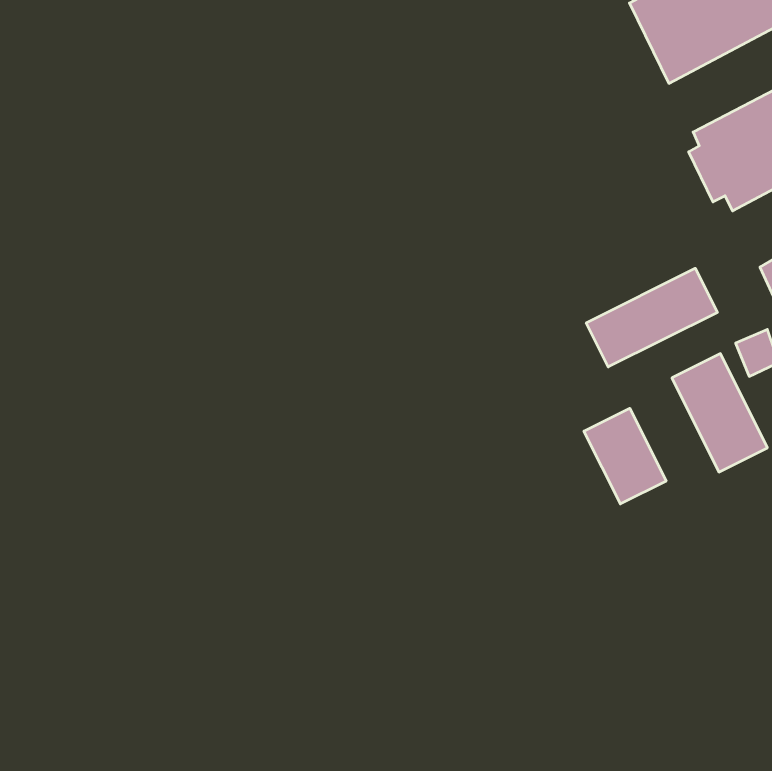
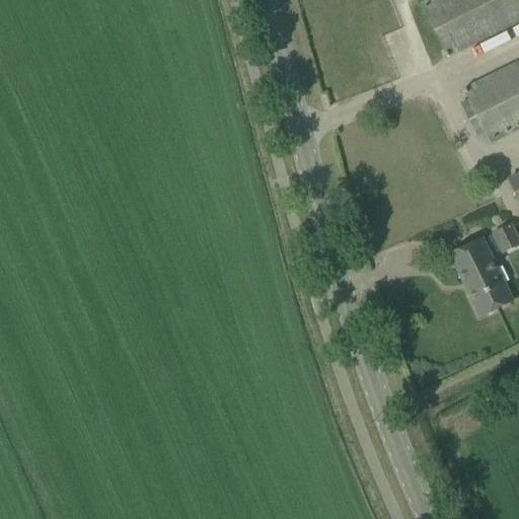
building: [586,268,717,367] -> none
building: [584,408,666,504] -> none

